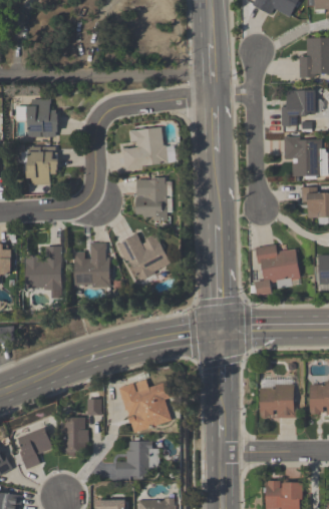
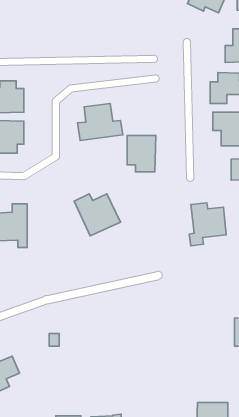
building: [134,177,169,220] -> [127,136,156,172]
building: [73,242,110,288] -> none
building: [260,377,295,418] -> none
building: [119,382,175,433] -> none
building: [63,418,87,456] -> none
building: [116,441,159,477] -> none

